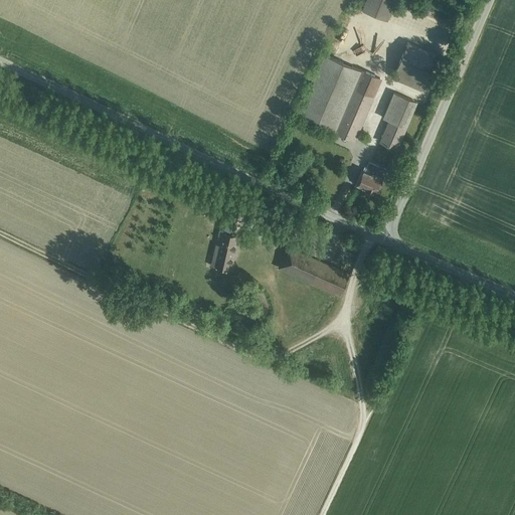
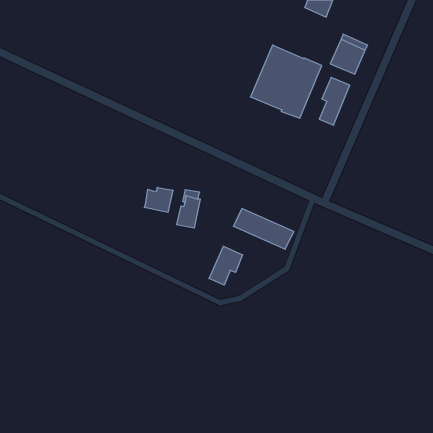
building: [356,163,386,195] -> none
building: none -> [144,187,173,212]
building: none -> [209,246,243,285]

